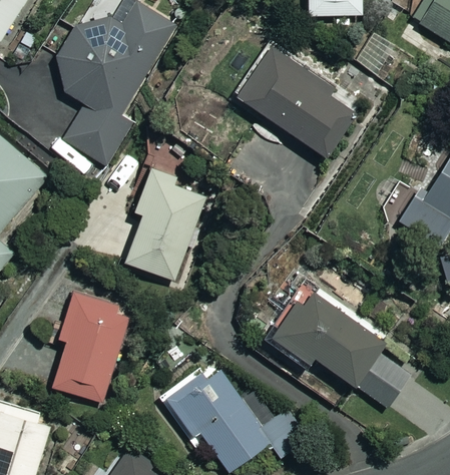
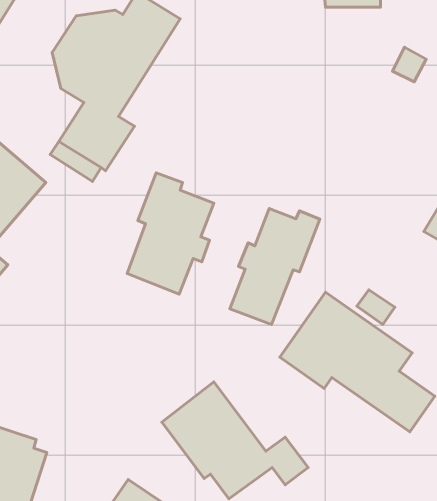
building: [235,44,362,157] -> none
building: none -> [230,209,320,324]
building: [53,289,132,401] -> none

